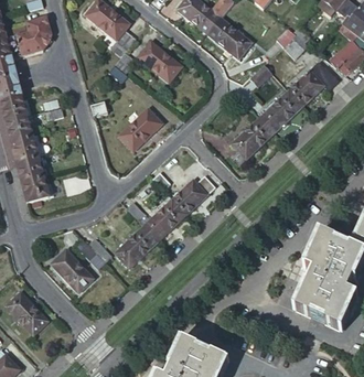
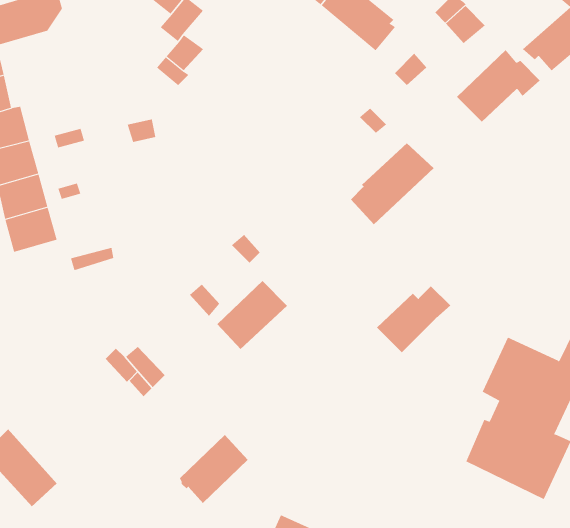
building: [132,39,181,80] -> none
building: [258,87,303,130] -> none
building: [118,106,162,149] -> none
building: [171,172,216,213] -> [376,285,451,353]
building: [21,173,52,201] -> none
building: [116,224,158,266] -> [179,434,249,504]
building: [52,248,94,290] -> none

